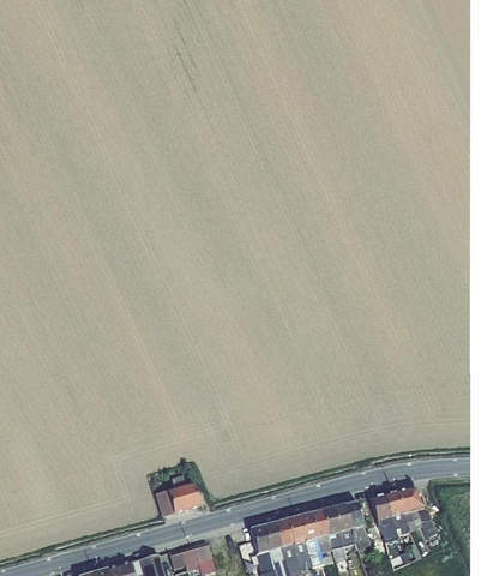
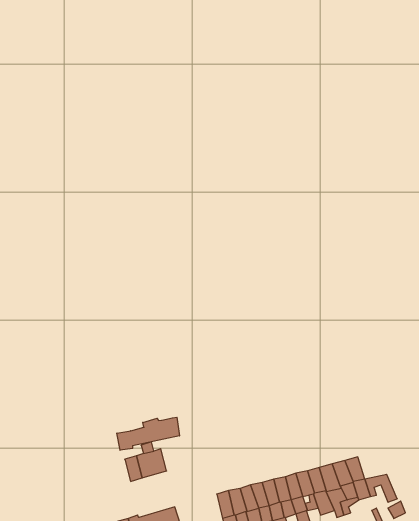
building: none -> [117,417,179,450]
building: [395,486,425,514] -> none

